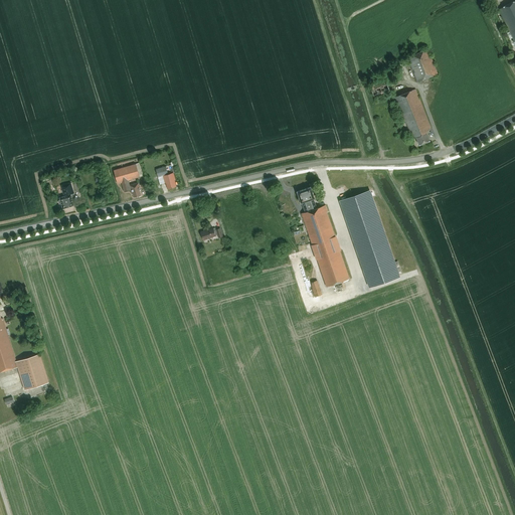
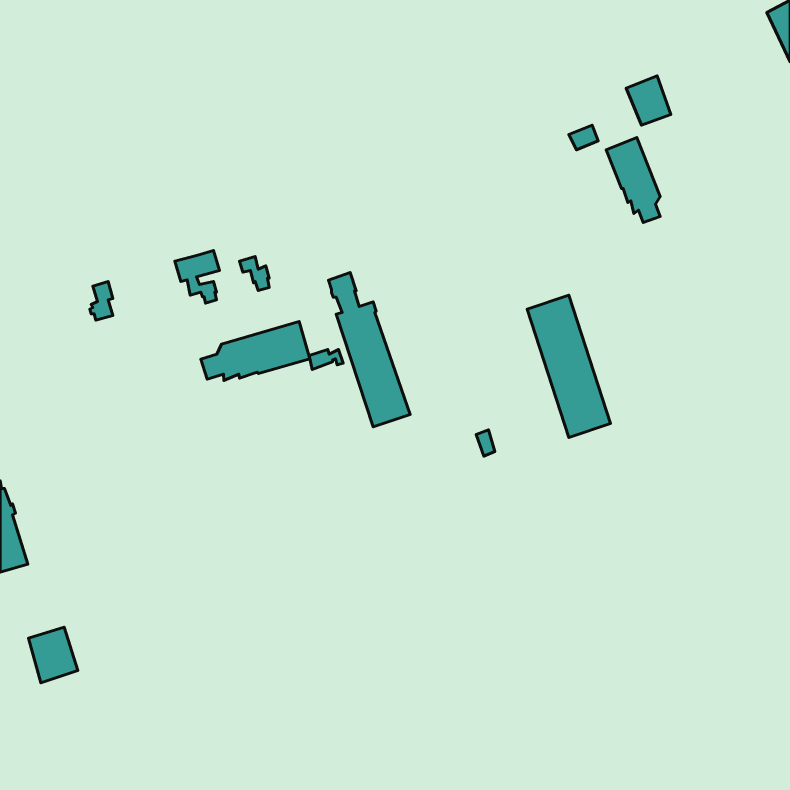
building: [297,186,350,287] -> [328,272,410,427]
building: none -> [201,322,310,381]
building: [17,355,49,391] -> [28,627,78,683]

